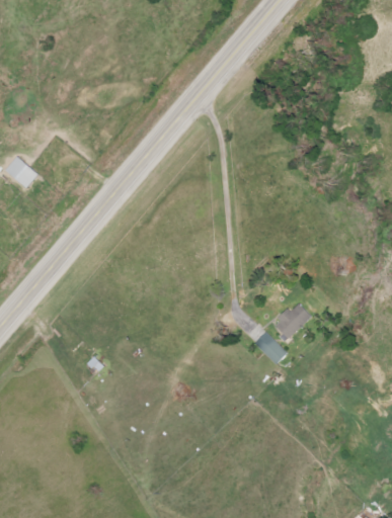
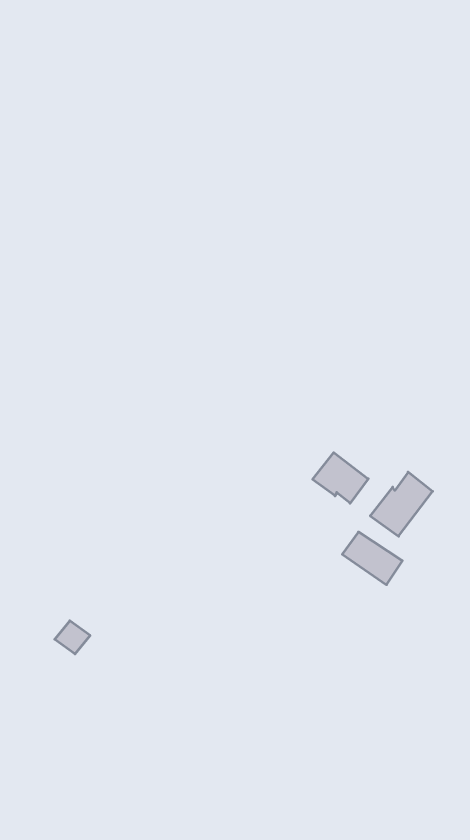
building: none -> [313,453,368,503]

